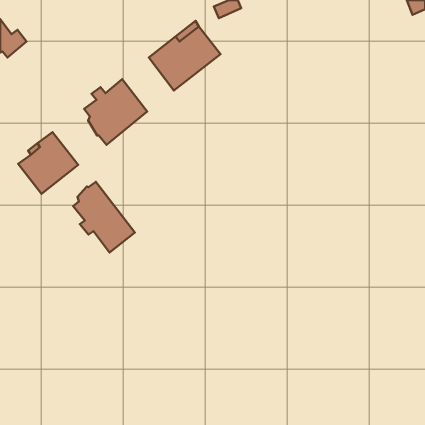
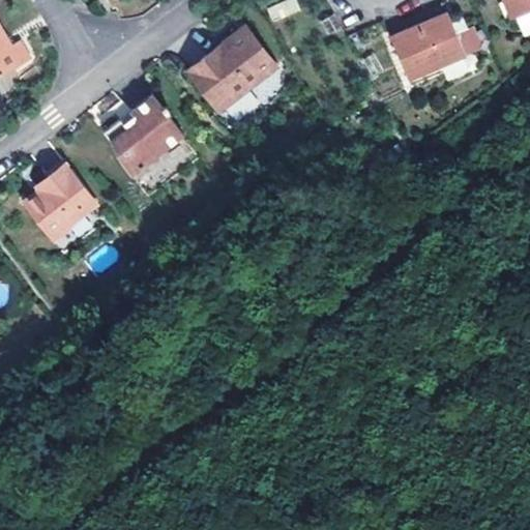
building: none -> [393,12,467,78]
building: [73,182,135,252] -> none

